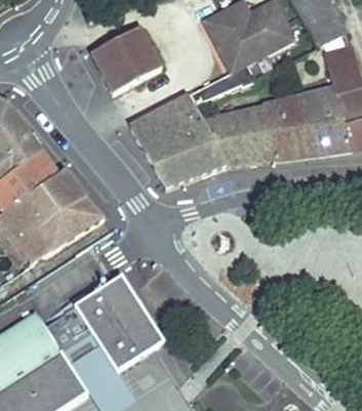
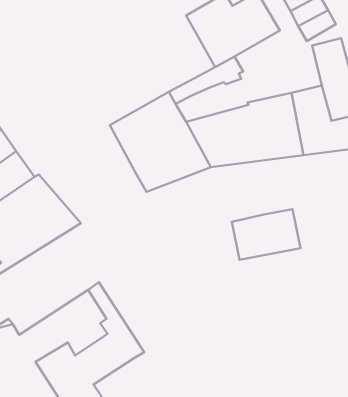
building: [88,29,161,94] -> none
building: none -> [232,209,301,260]

